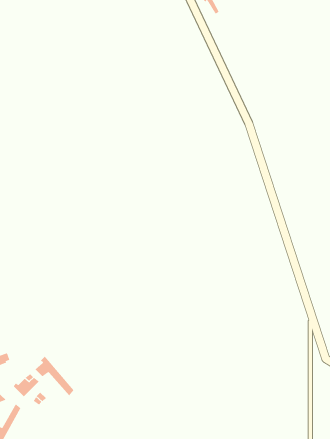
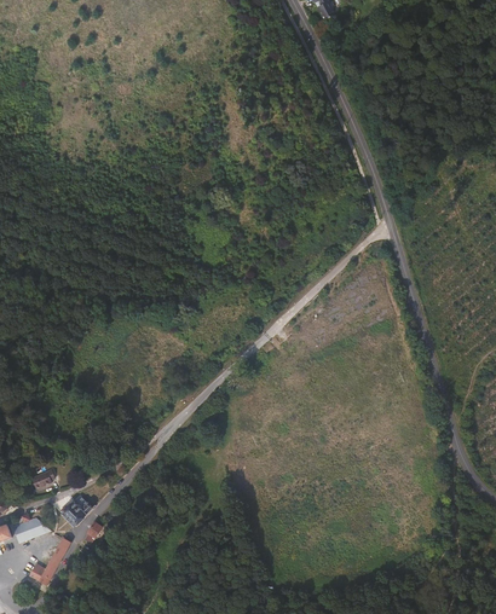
building: [34,356,74,396] -> none

